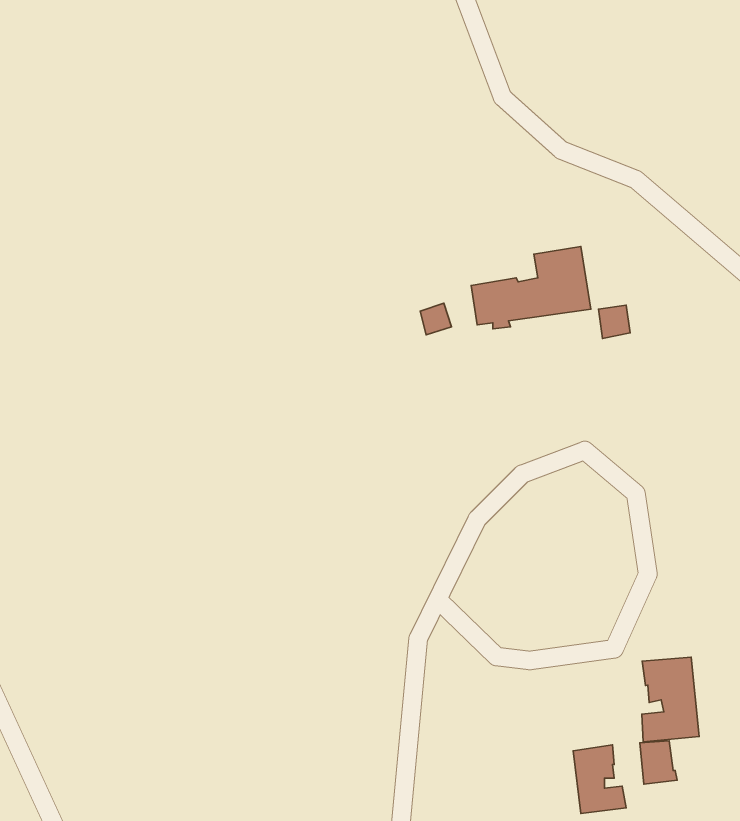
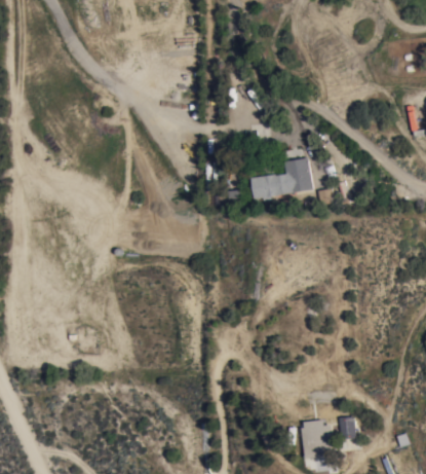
building: [642,657,699,742] -> none

